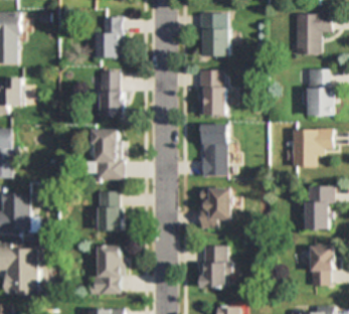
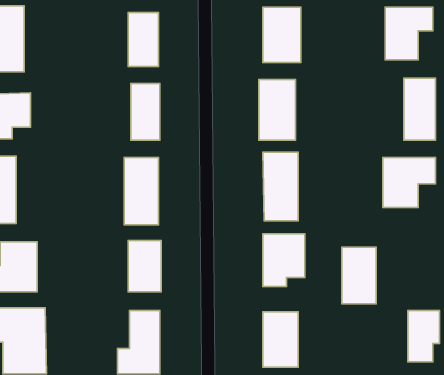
building: [306,186,332,229] -> [342,247,376,304]

